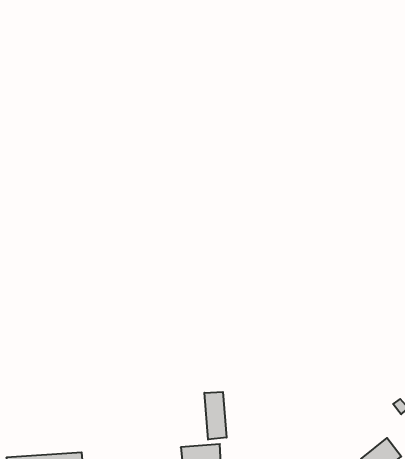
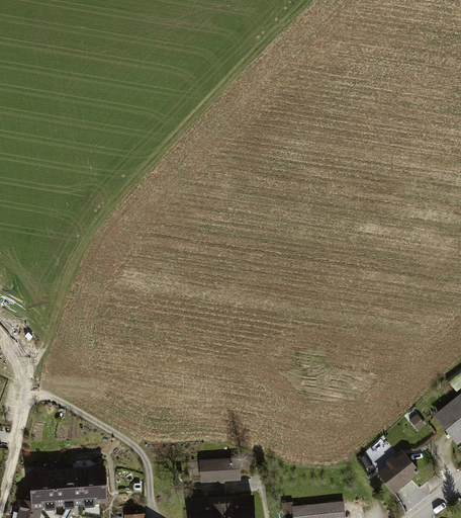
building: [204,392,227,440] -> none

